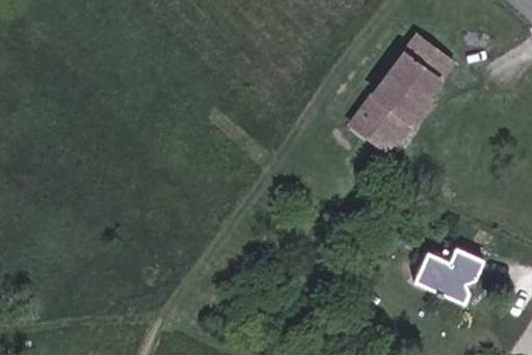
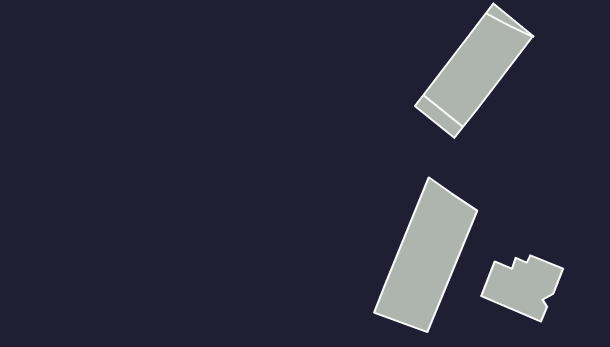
building: none -> [374,177,477,332]

